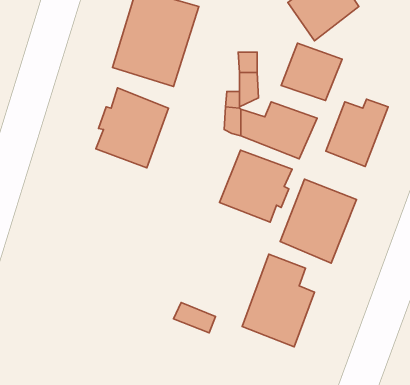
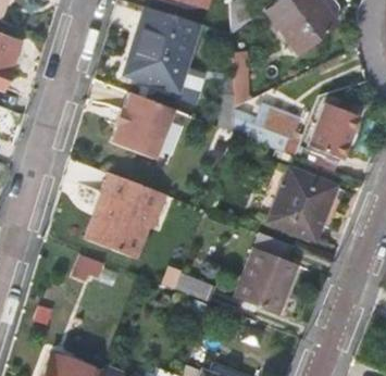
building: [281,43,342,100] -> none
building: [219,150,292,222] -> none
building: none -> [84,177,161,262]

